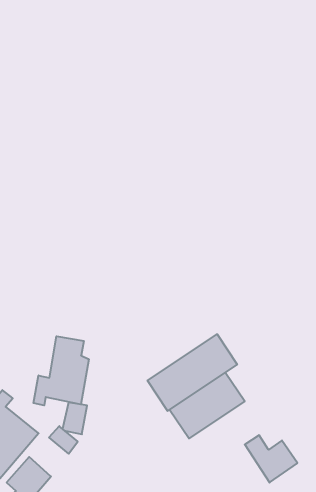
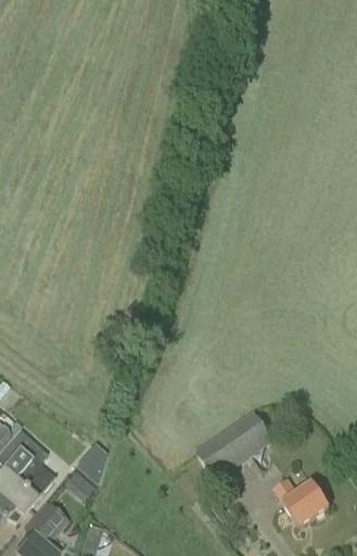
building: [148,334,237,411] -> none
building: [33,336,89,405] -> none

